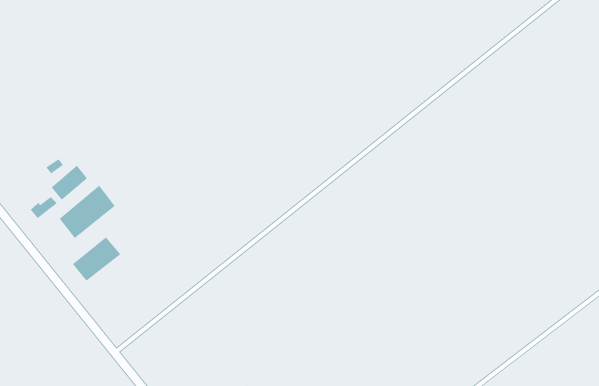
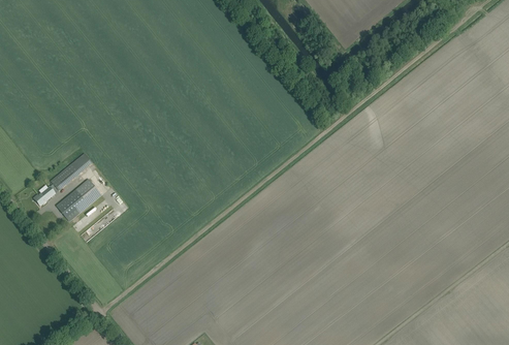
building: [72,237,121,281] -> none

